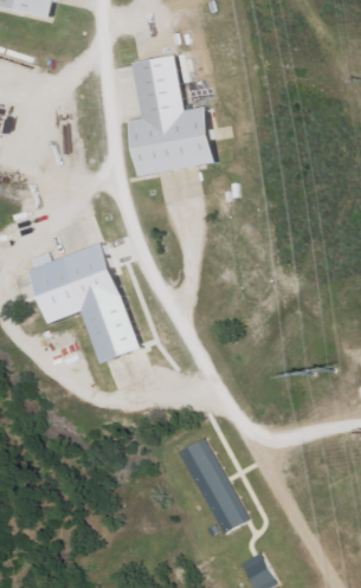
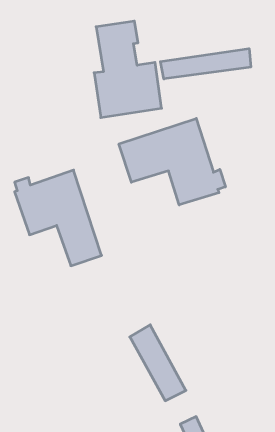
building: none -> [160,49,251,79]
building: none -> [119,118,225,205]

